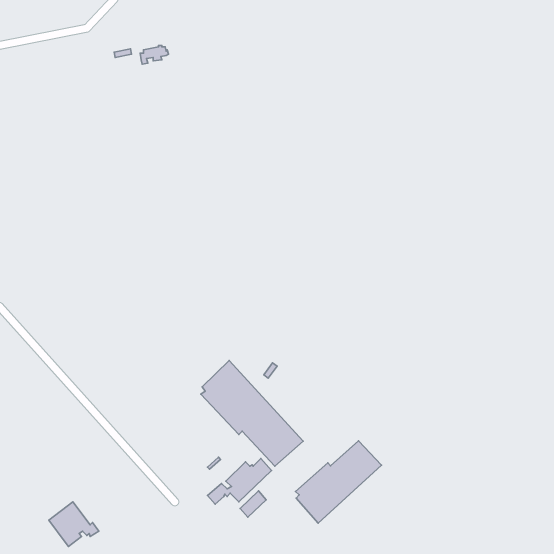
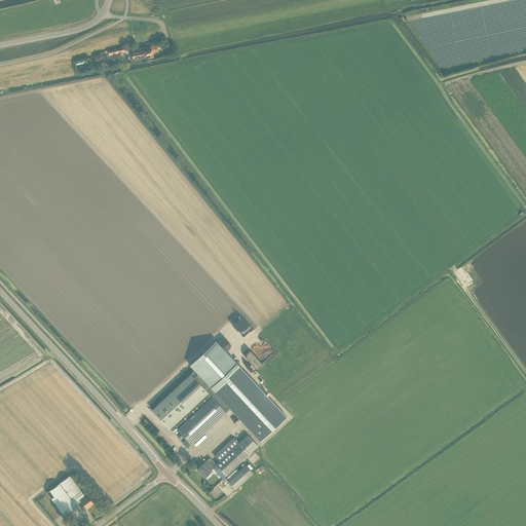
building: none -> [152,373,226,444]
building: [295,441,381,523] -> none

